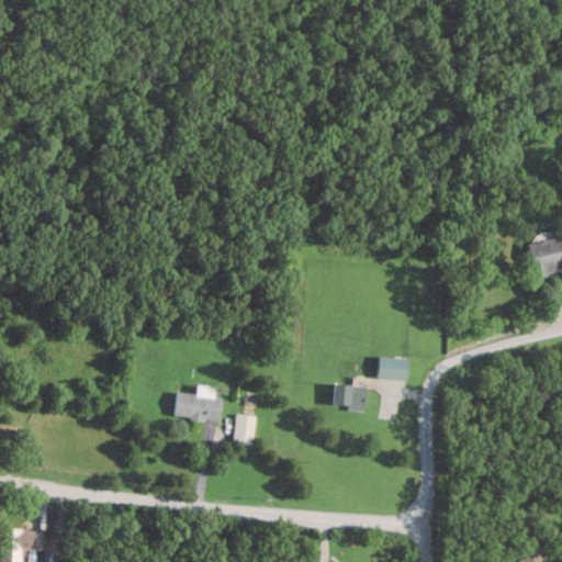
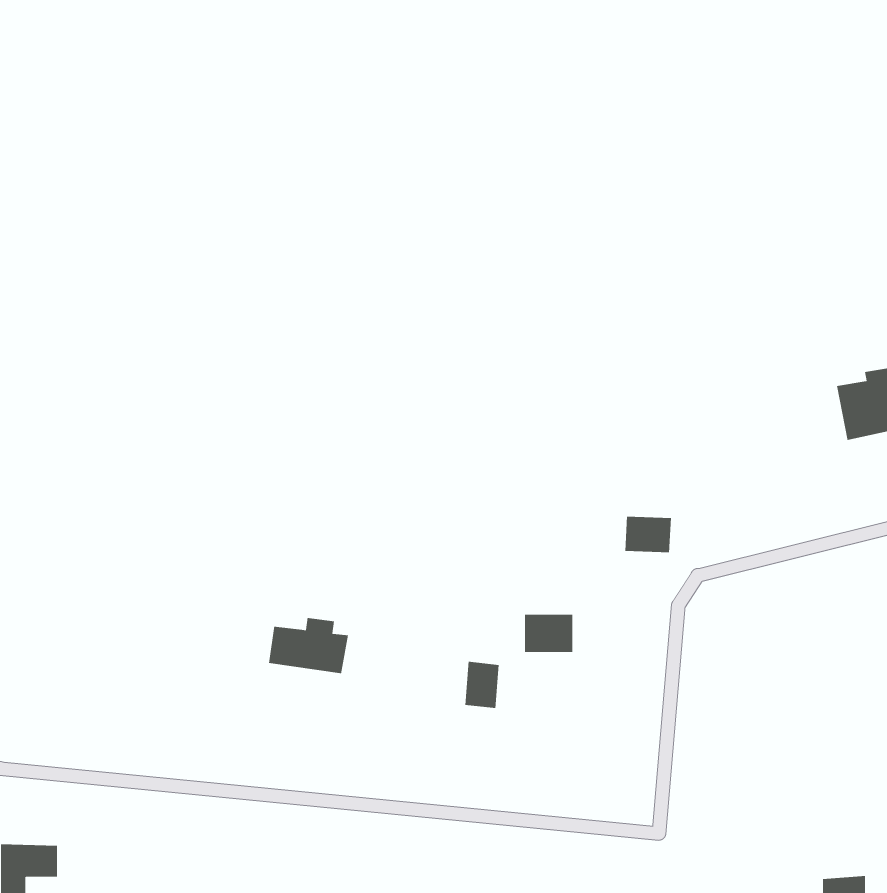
building: [378,358,407,381] -> [624,516,672,553]
building: [235,416,257,446] -> [464,661,500,709]

